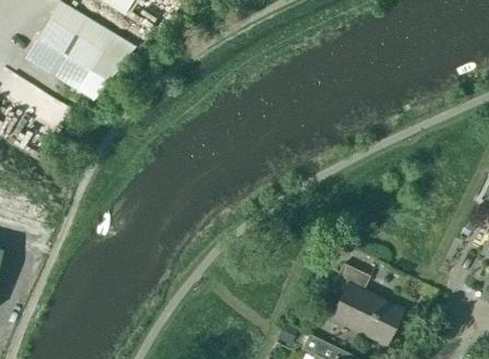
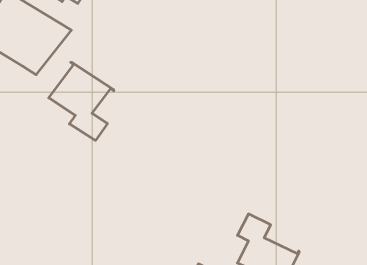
building: none -> [49,62,114,140]

